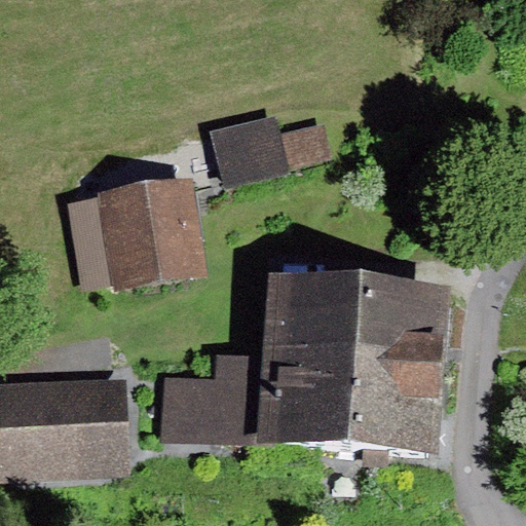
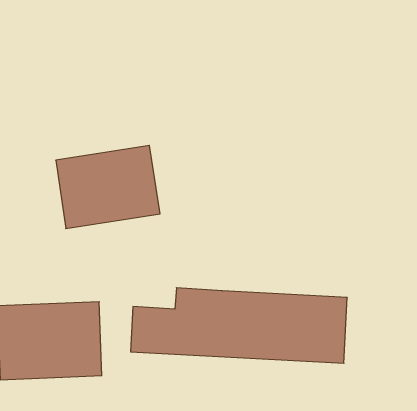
building: [213,117,330,179] -> none
building: [278,280,440,372] -> none

